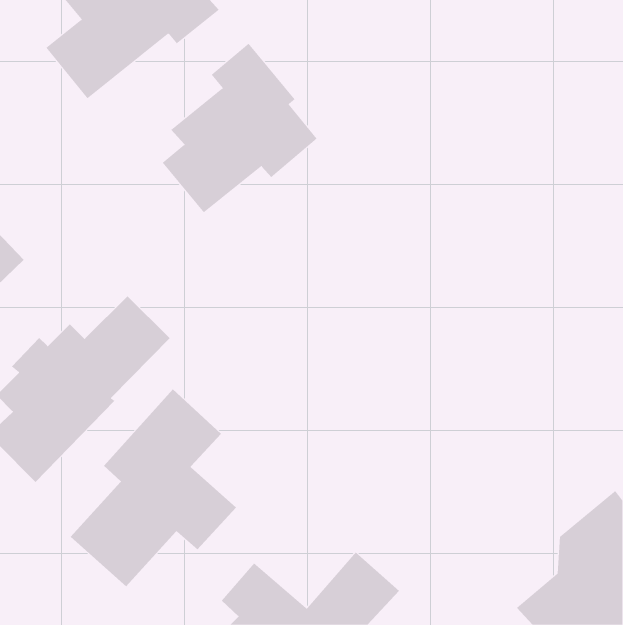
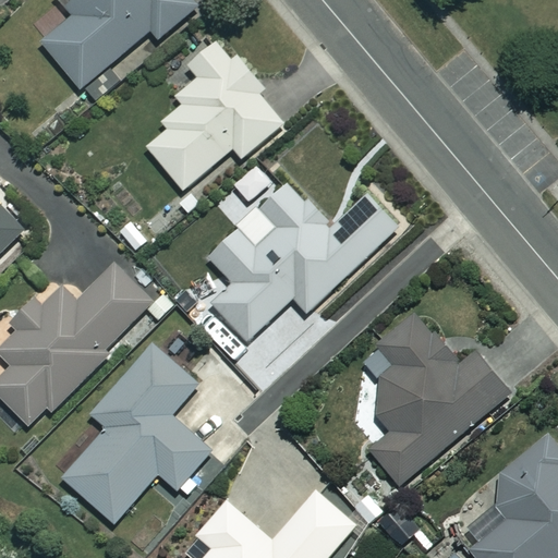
building: none -> [208,186,397,344]
building: none -> [369,313,507,485]

